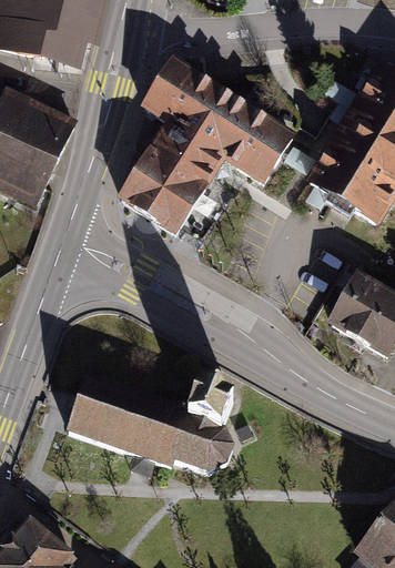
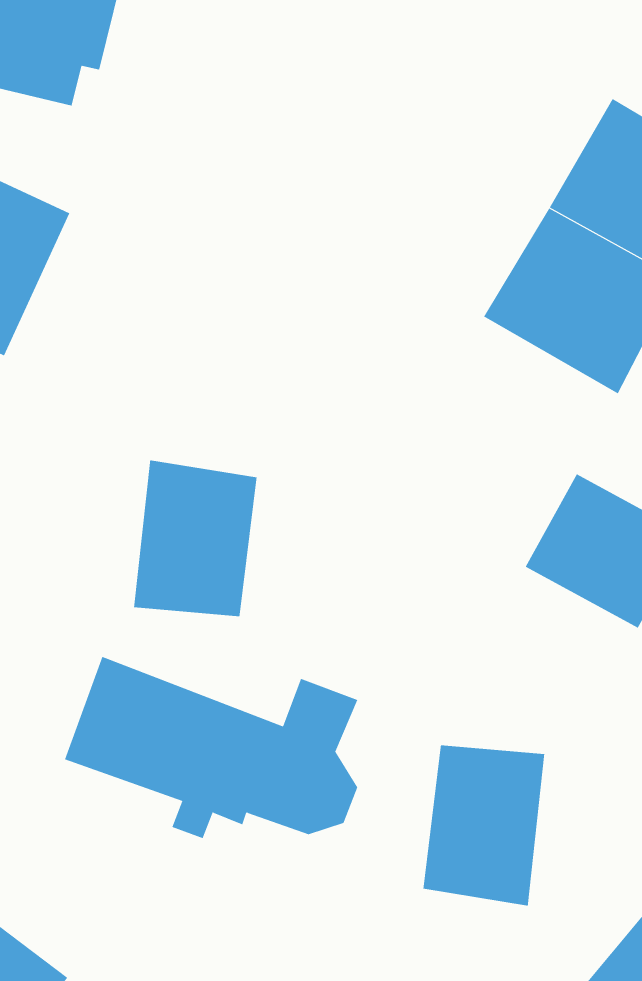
building: [122,60,291,230] -> none
building: none -> [133,459,257,617]
building: none -> [423,745,545,906]

